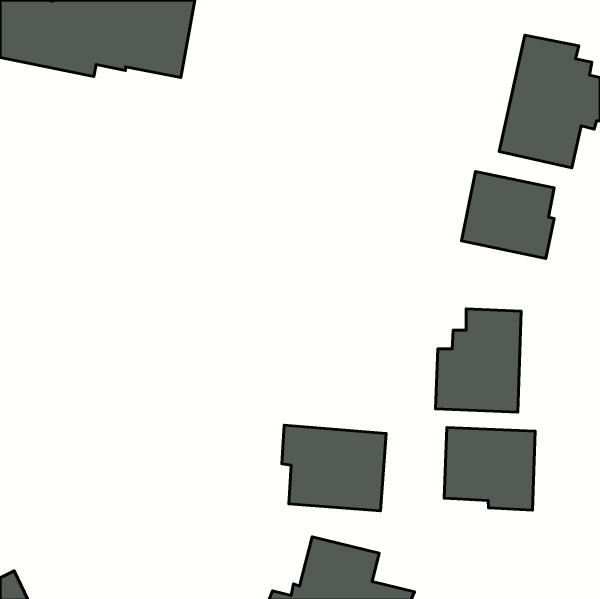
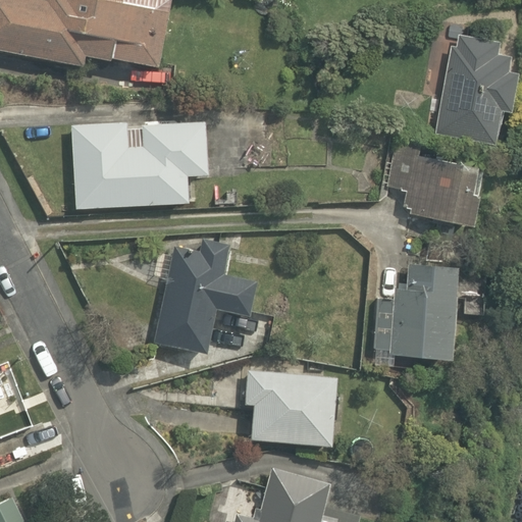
building: none -> [69,120,208,209]
building: none -> [153,239,257,353]
building: [444,427,535,510] -> none

